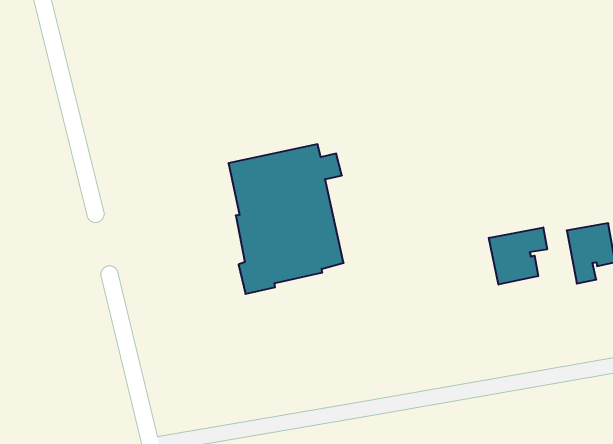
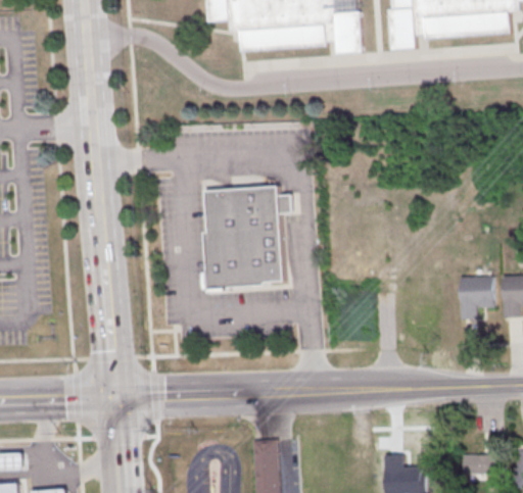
building: [489,227,547,285] -> none

